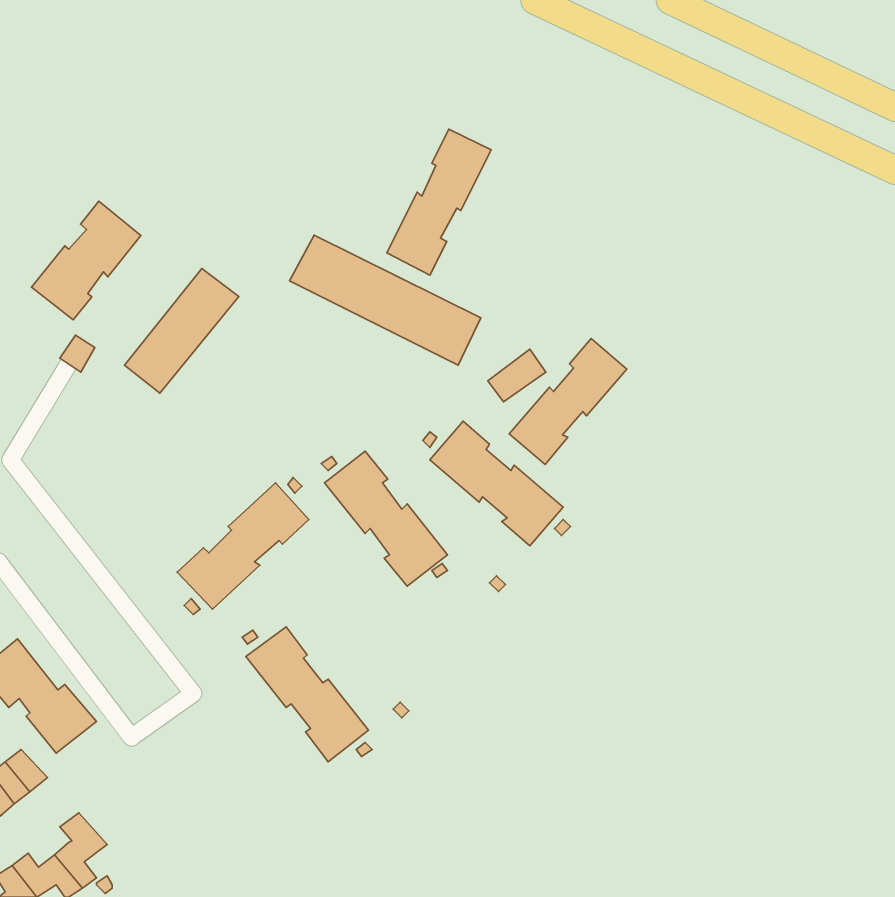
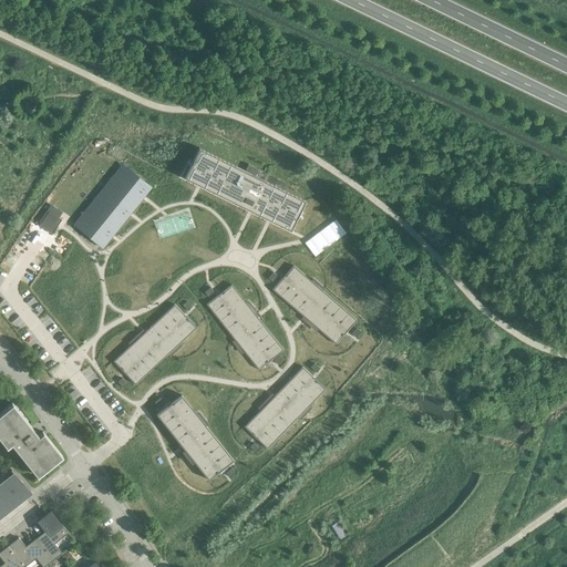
building: [387,129,491,275] -> none
building: [32,201,141,320] -> none
building: [509,339,627,464] -> none
building: none -> [243,367,324,449]

